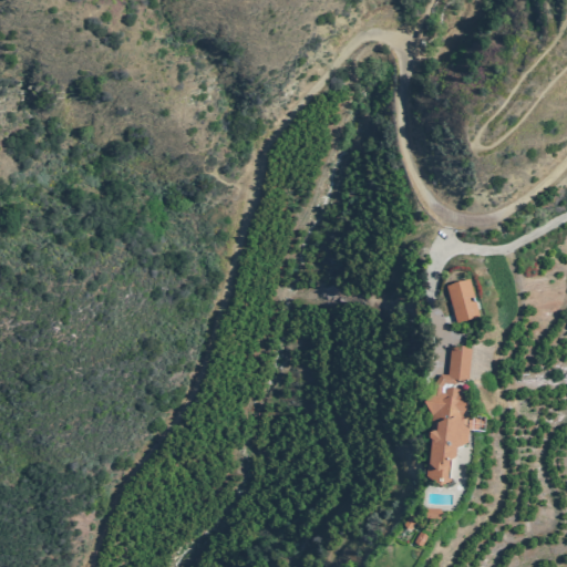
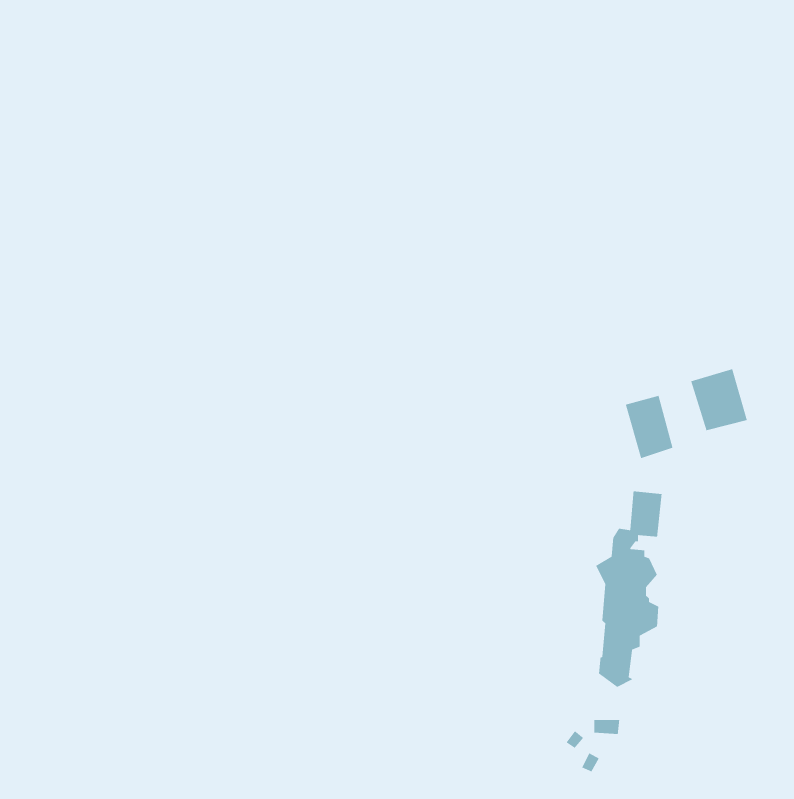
building: none -> [690,368,748,431]

